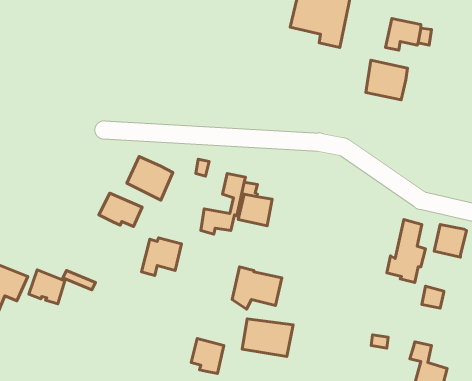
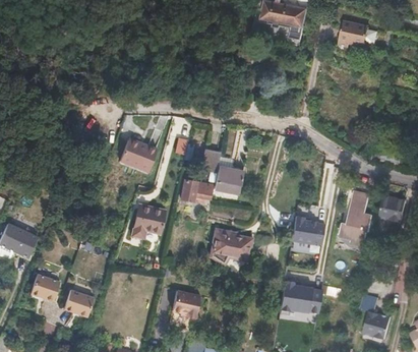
building: [366,60,407,100] -> none
building: [99,193,142,227] -> none
building: none -> [292,217,325,245]
building: [29,270,65,304] -> [31,270,61,298]
building: [242,319,293,356] -> [279,282,321,313]
building: none -> [65,287,95,315]

